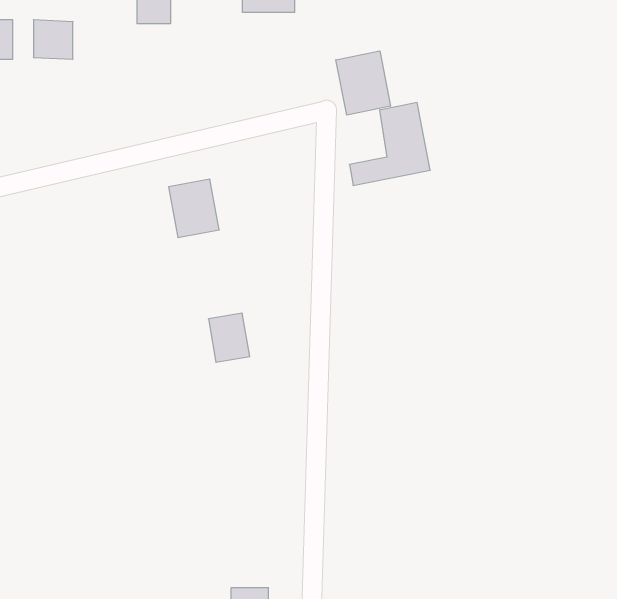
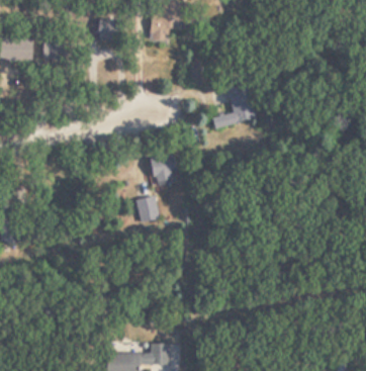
building: [336,51,390,115] -> none
building: [169,179,219,238] -> [149,155,176,186]

